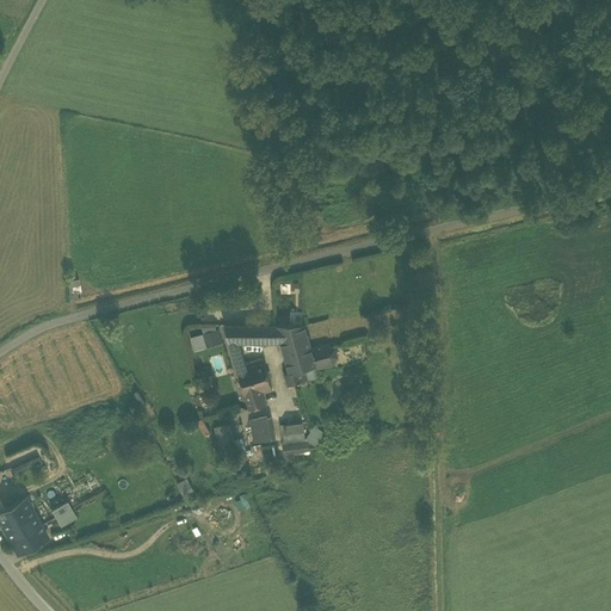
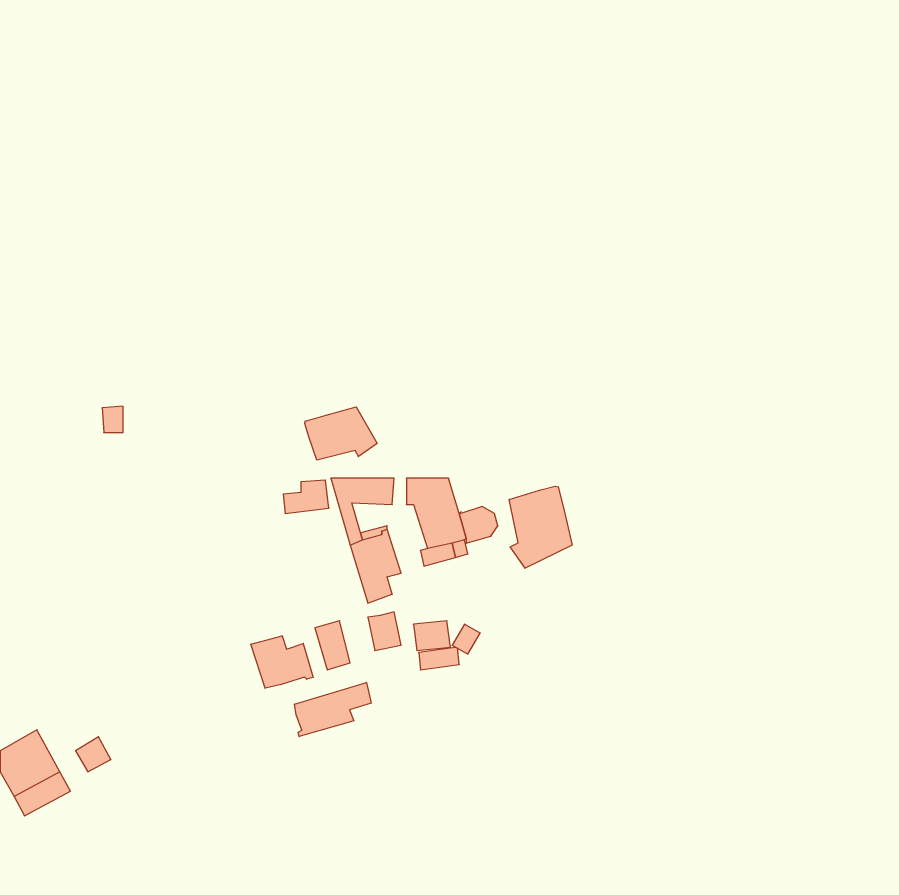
building: none -> [305,407,377,460]
building: none -> [509,486,572,568]
building: none -> [251,636,313,688]
building: none -> [295,682,371,737]

